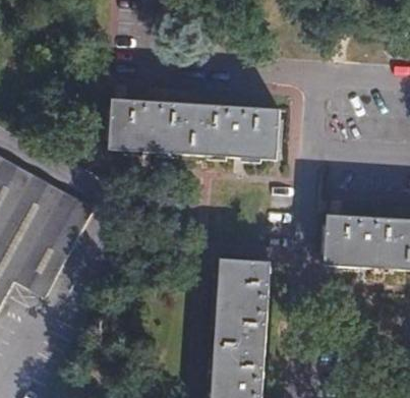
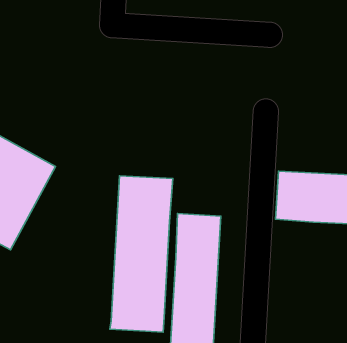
building: [112,99,279,157] -> none
building: none -> [110,176,173,332]

